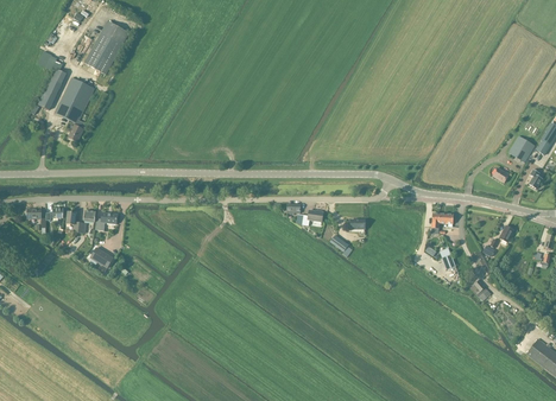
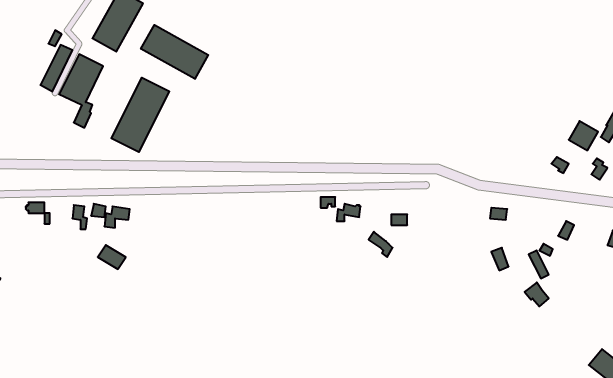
building: none -> [141,25,208,79]
building: none -> [111,78,169,152]

